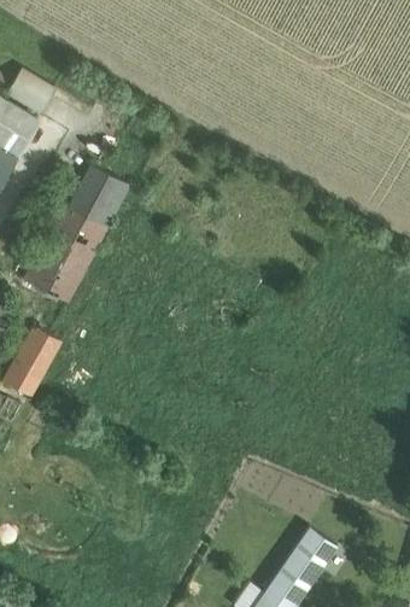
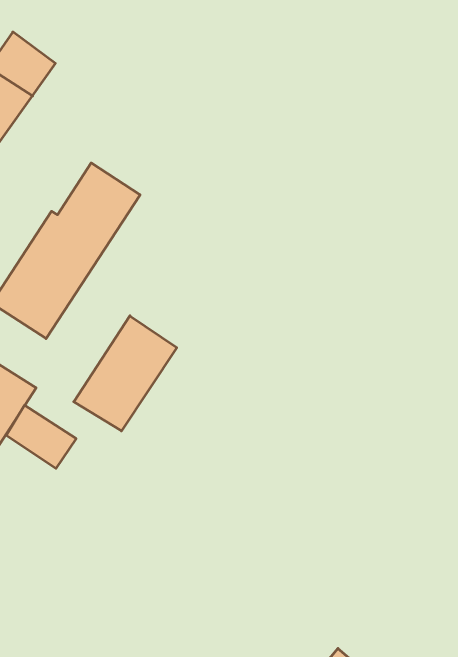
building: none -> [74,316,177,431]
building: none -> [6,405,76,468]

